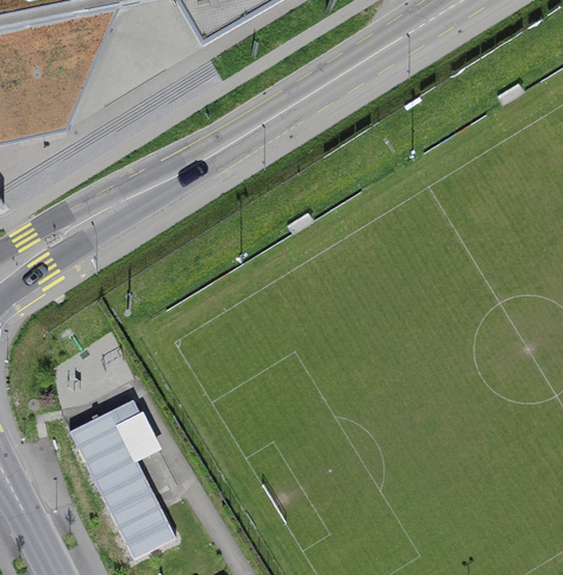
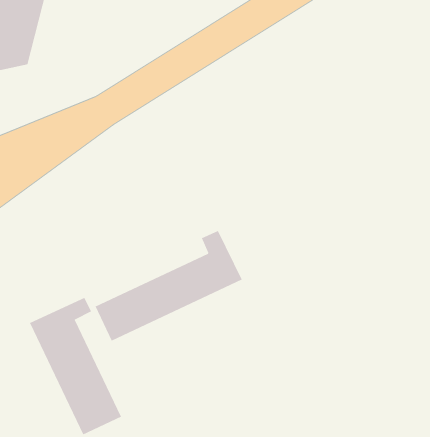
building: none -> [95,230,242,342]

